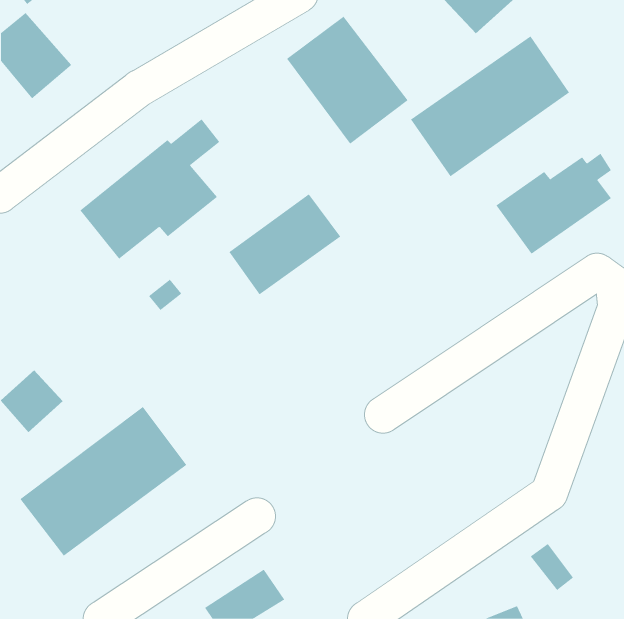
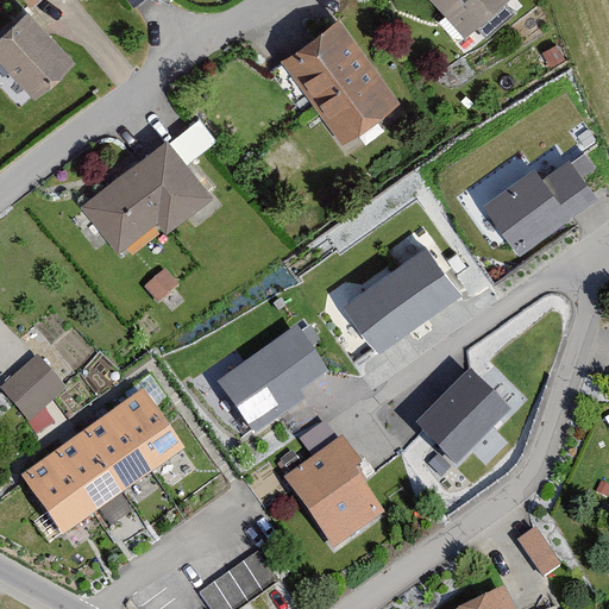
building: [410,35,570,177] -> none
building: [228,194,341,295] -> [350,247,459,346]
building: none -> [222,334,325,434]
building: none -> [414,373,508,467]
building: none -> [283,422,382,548]

